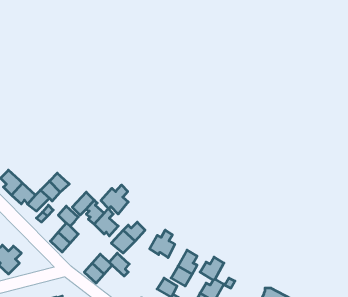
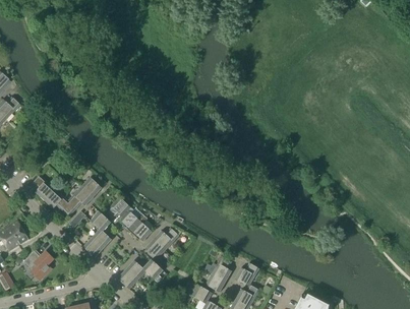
building: [101,185,128,214] -> none
building: [150,230,175,258] -> none

